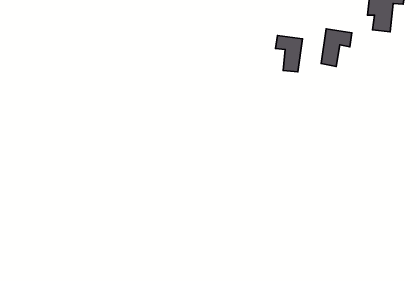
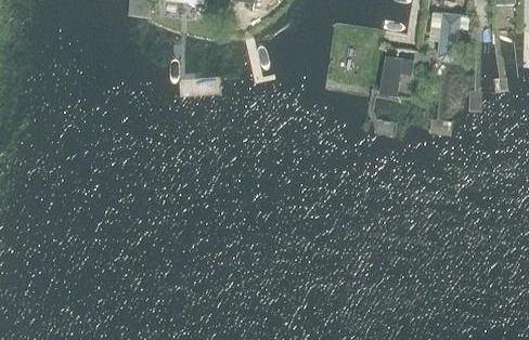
building: [275,35,302,72] -> none

